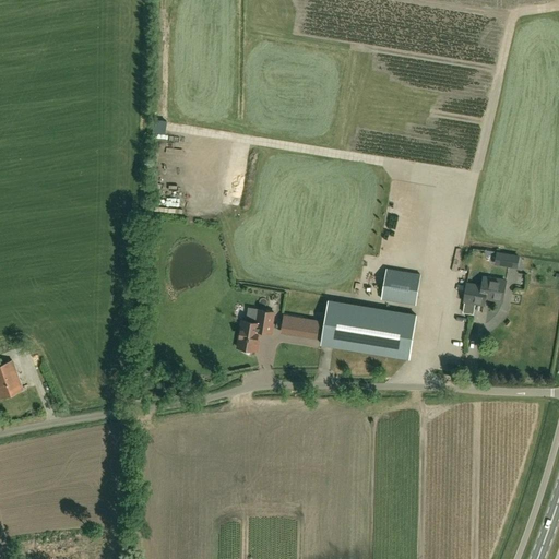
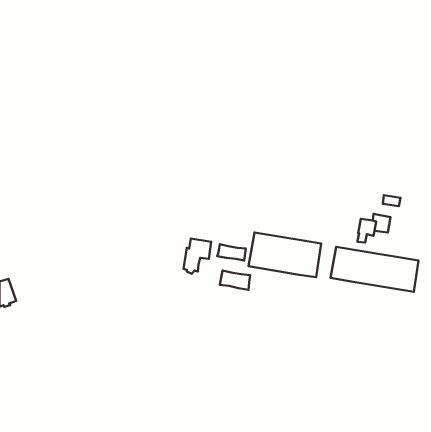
building: [381,269,419,305] -> none
building: none -> [331,247,419,292]
building: none -> [220,271,250,290]

